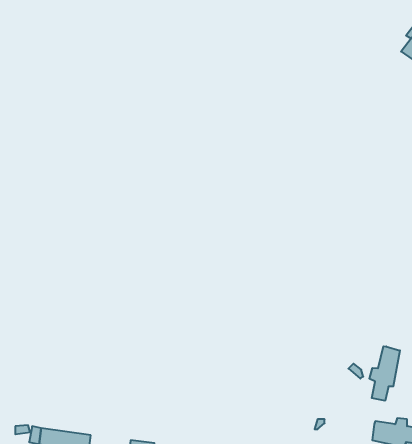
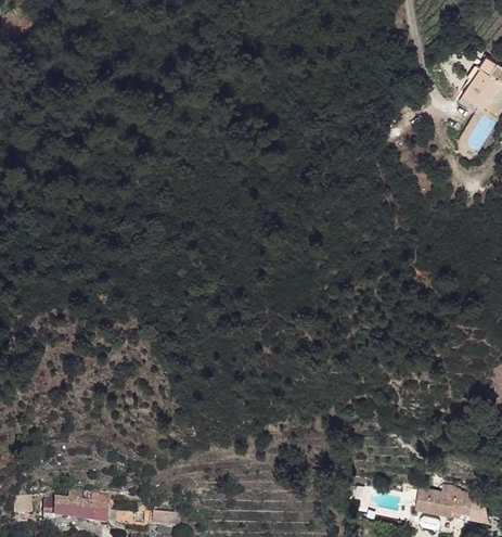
building: [369,346,400,401] -> none

